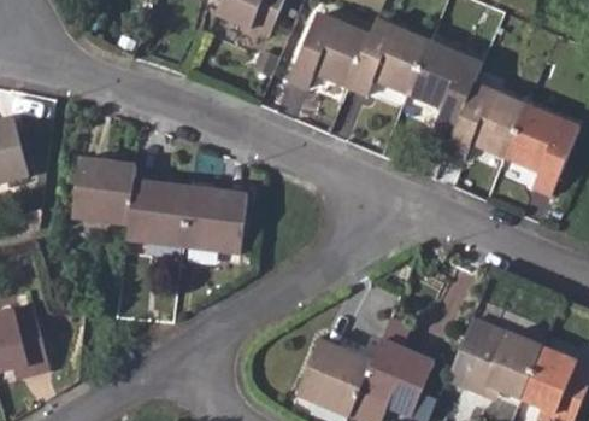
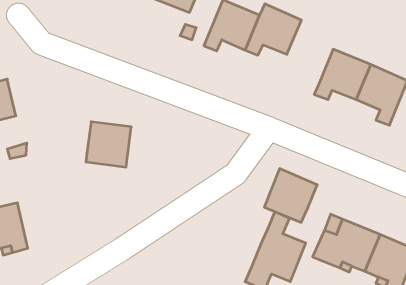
building: [408,42,481,130] -> none
building: [70,164,135,230] -> none
building: [182,193,243,257] -> none
building: [298,334,372,410] -> [264,169,317,222]

